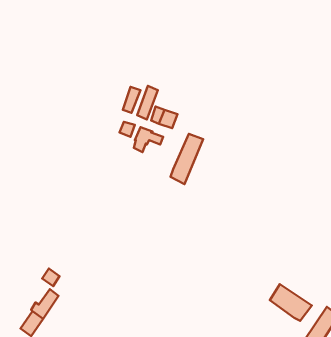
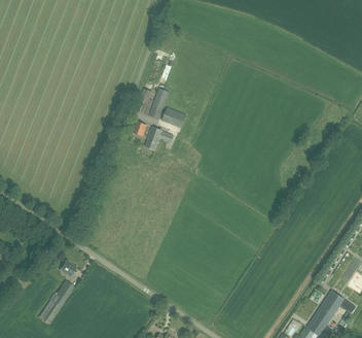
building: [170,134,203,184] -> none
building: [270,284,312,321] -> none

